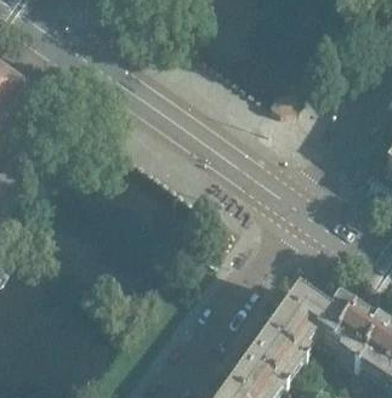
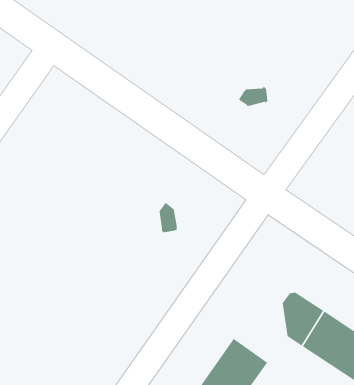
building: [262,286,314,356] -> none

